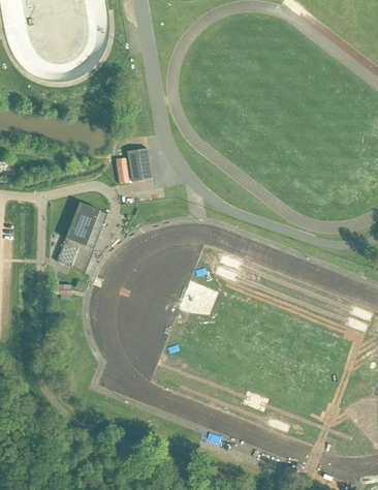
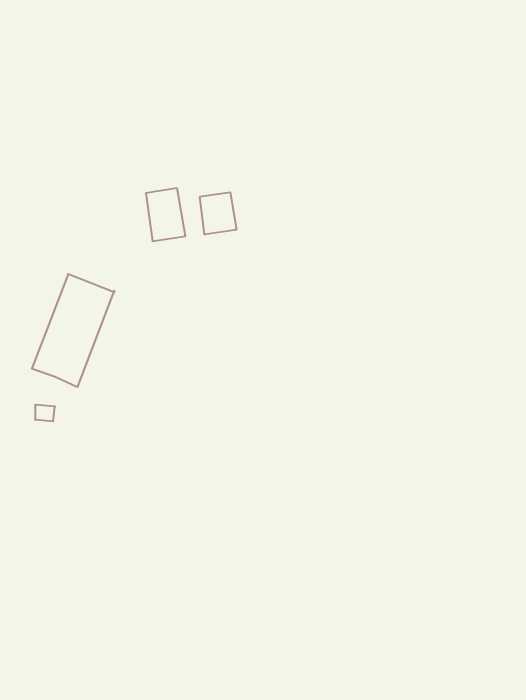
building: none -> [200,192,236,235]

